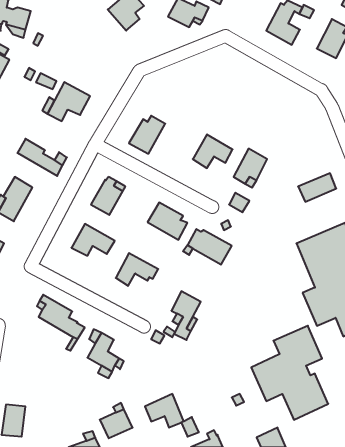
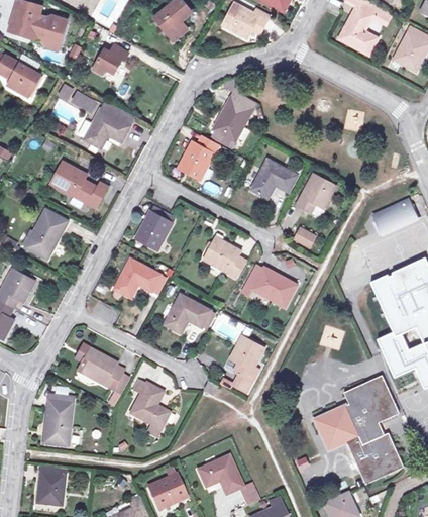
building: none -> [92,42,130,75]
building: none -> [216,94,255,142]
building: none -> [38,399,68,446]

